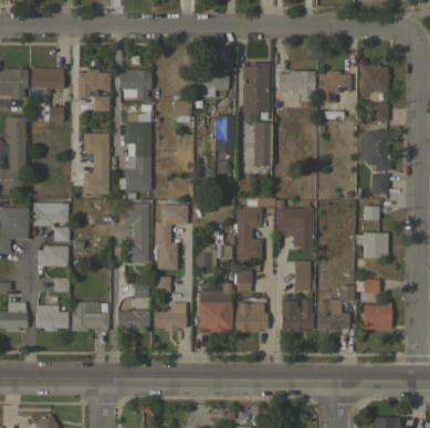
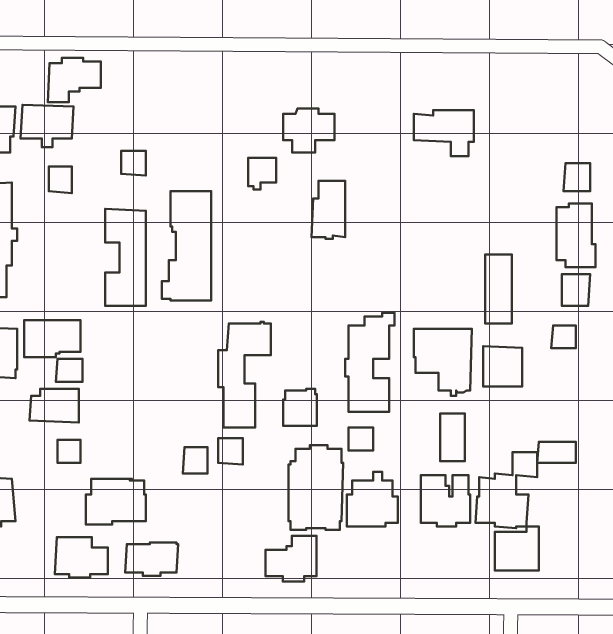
building: [242,62,270,114] -> none
building: [360,65,388,92] -> none
building: [77,70,111,97] -> [48,58,101,102]
building: [118,70,151,98] -> none
building: [318,71,350,103] -> none
building: [254,123,271,166] -> [485,255,512,323]
building: [123,202,149,263] -> none
building: [364,232,388,258] -> [483,346,522,387]
building: [364,302,391,330] -> [495,526,539,570]
building: [154,303,186,332] -> [265,536,316,582]
building: [35,305,69,331] -> [55,537,108,578]
building: [116,310,149,331] -> [125,542,178,576]

